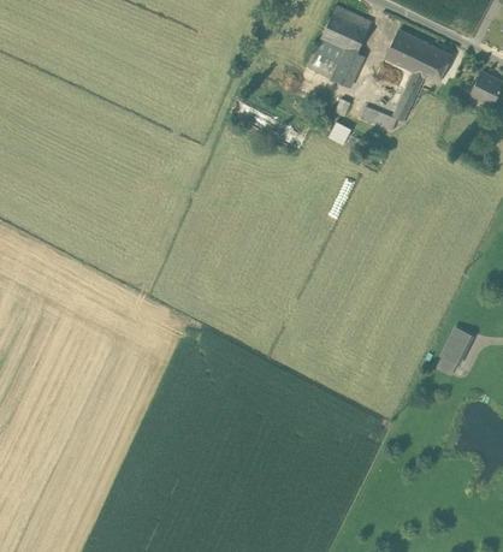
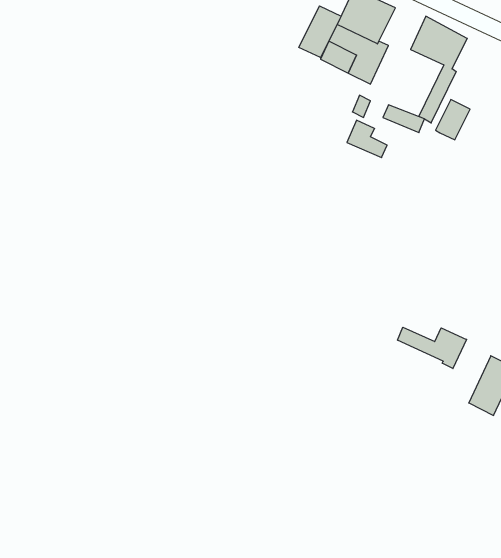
building: none -> [299,6,341,58]
building: [420,48,450,83] -> [436,100,470,140]
building: none -> [398,327,467,369]

